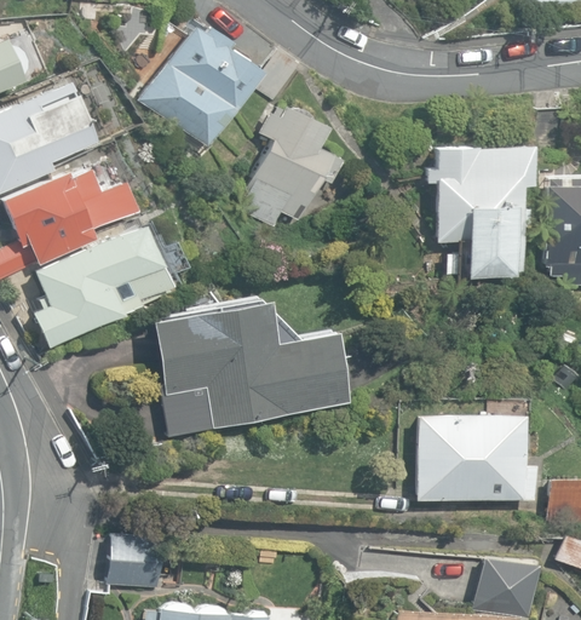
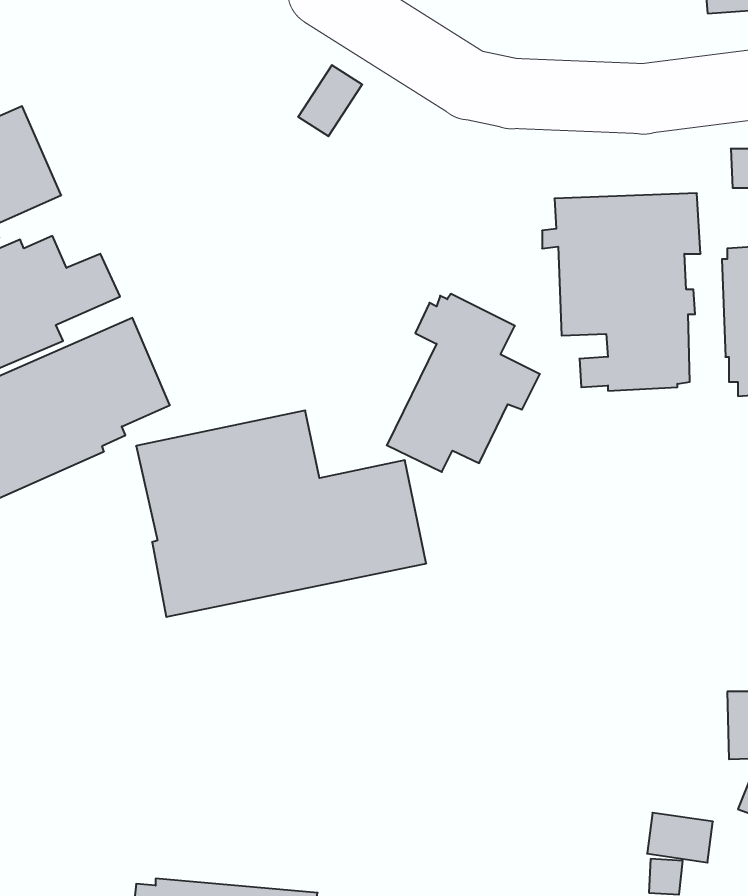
building: [144,27,260,147] -> none
building: [245,109,349,230] -> [387,294,540,472]
building: [420,415,536,501] -> none
building: [111,535,165,589] -> none

